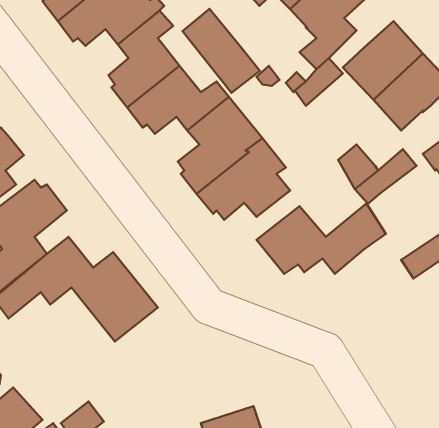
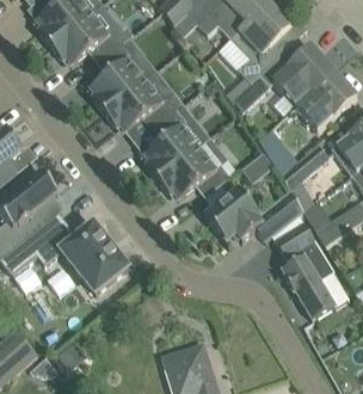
building: [183,9,260,93] -> none
building: none -> [275,222,336,319]

